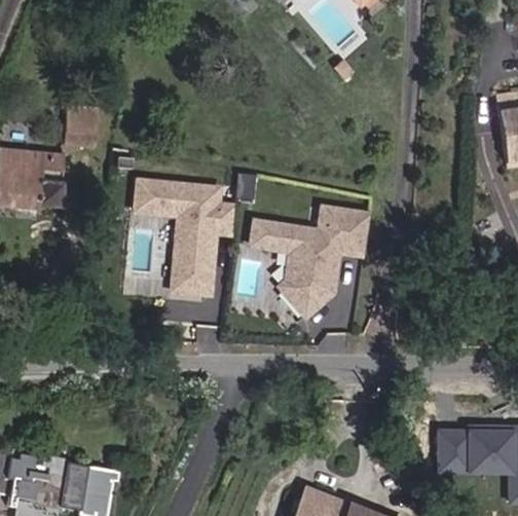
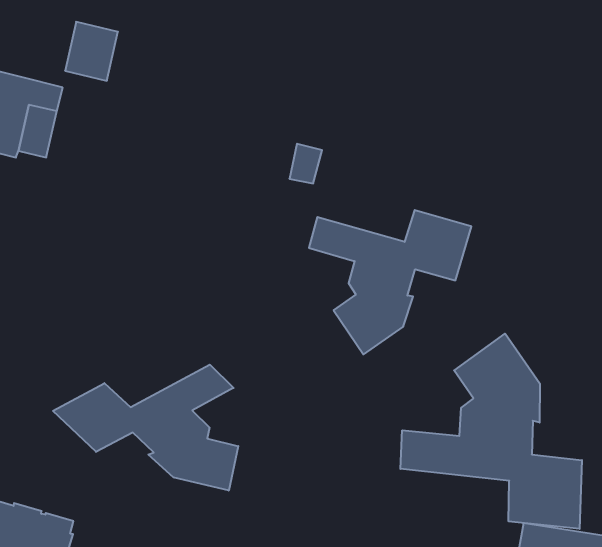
building: [134,182,234,296] -> none
building: none -> [400,334,582,529]
building: none -> [53,365,238,491]

